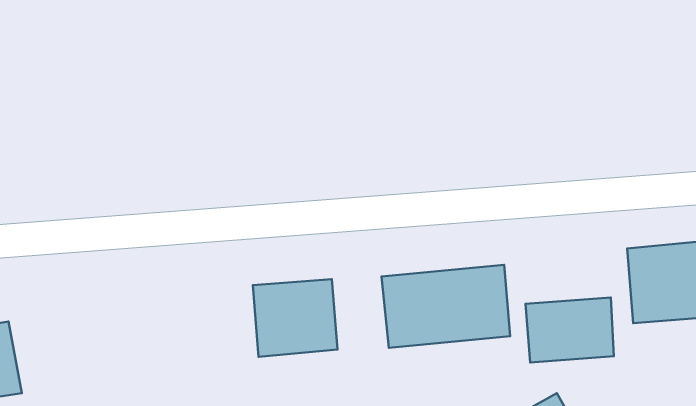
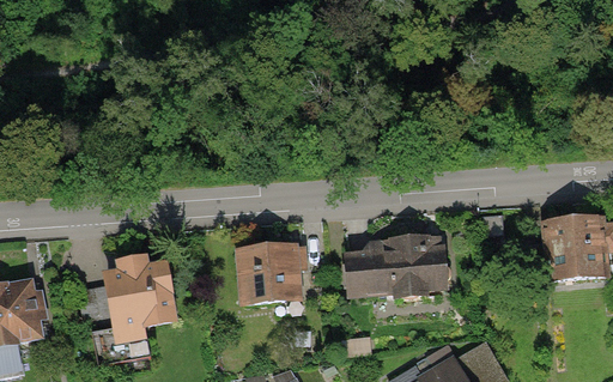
building: none -> [101,257,176,332]
building: [526,297,614,363] -> none

